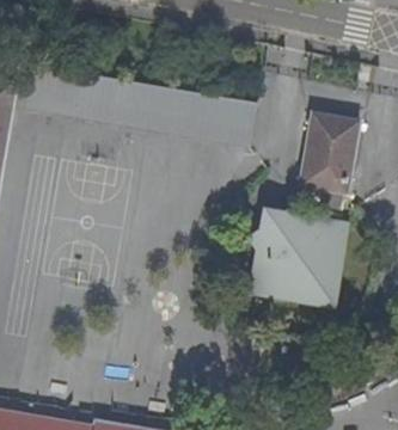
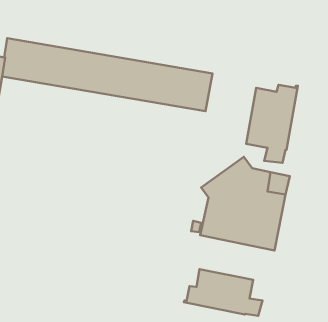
building: none -> [184,269,262,316]

